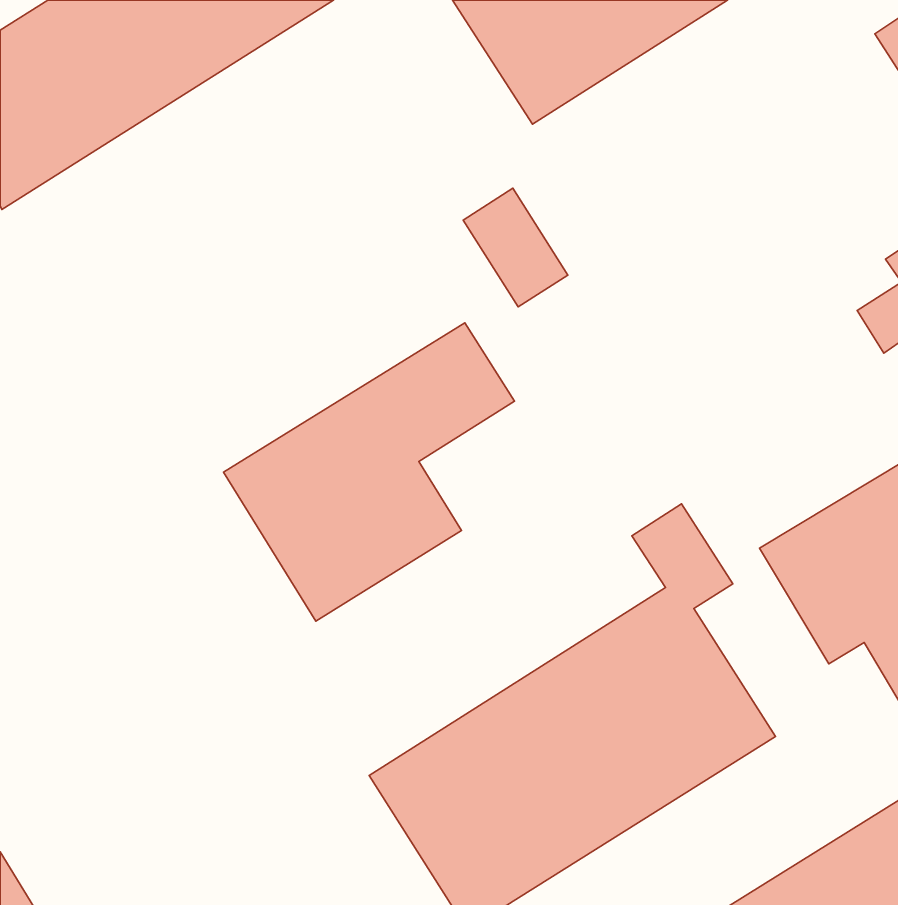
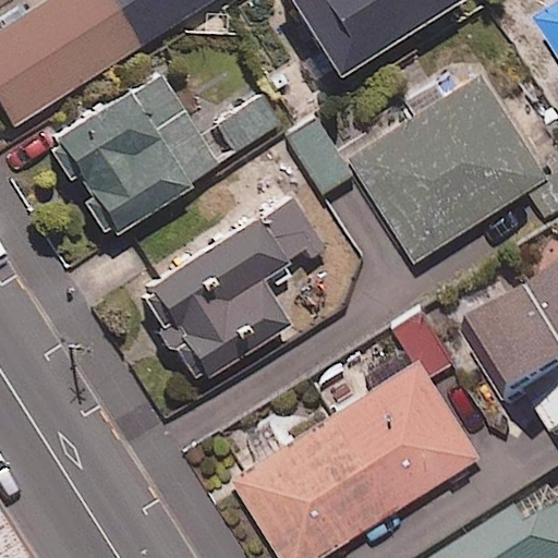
building: none -> [48,71,279,238]
building: none -> [352,71,548,257]

